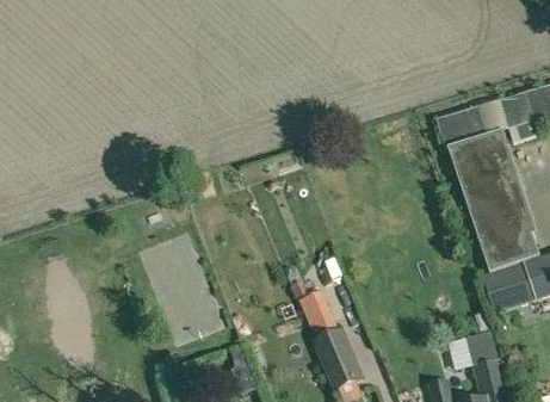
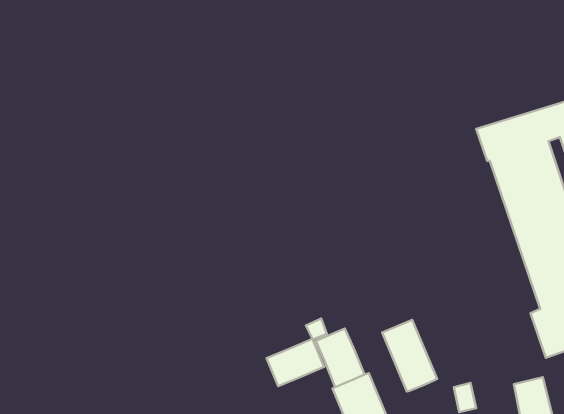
building: none -> [382,320,437,392]
building: none -> [267,339,324,386]

